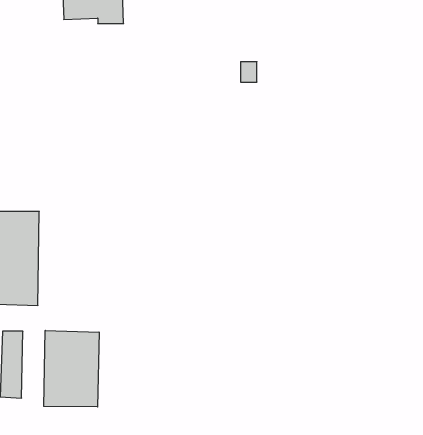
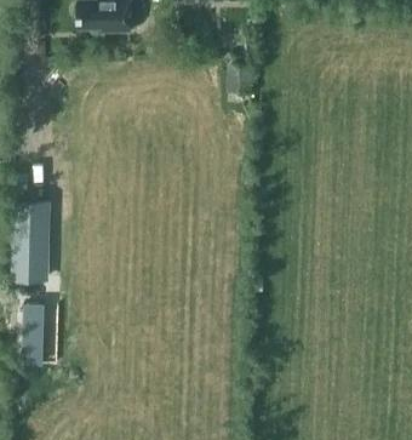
building: [44,330,99,407] -> none

